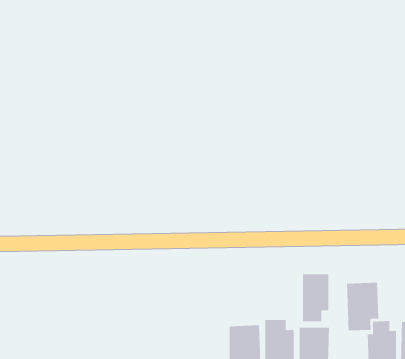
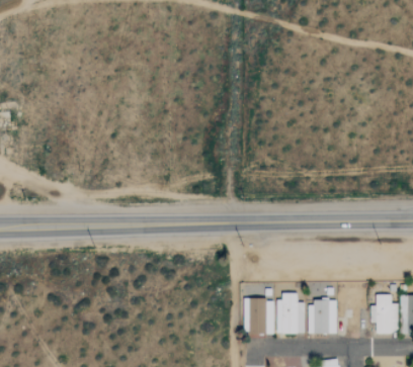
building: [302,274,329,322] -> none
building: [346,282,379,331] -> none

